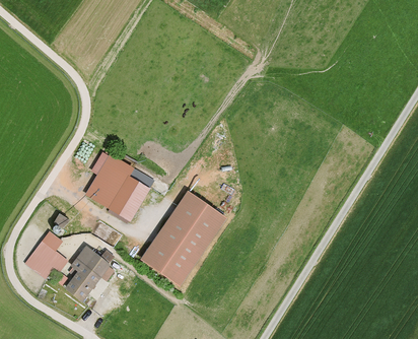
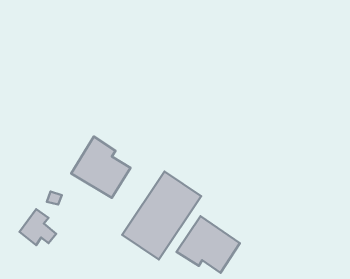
building: none -> [177,216,240,273]
building: [66,243,118,301] -> none

